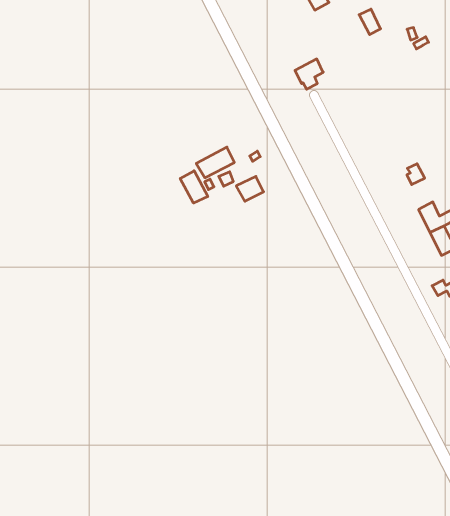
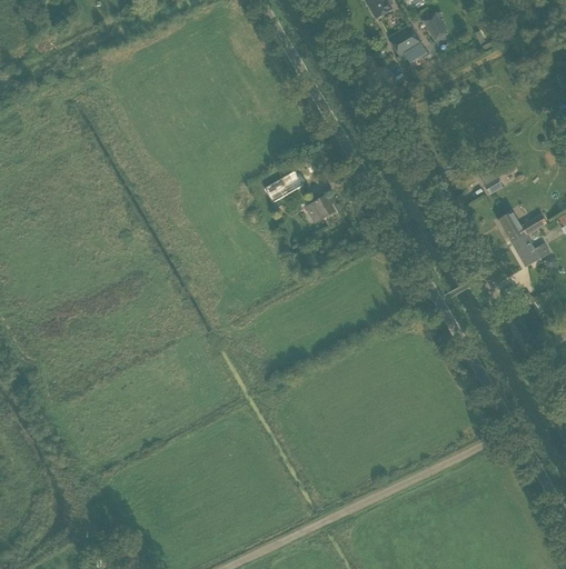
building: [295,59,323,89] -> [391,29,421,61]
building: [180,171,208,203] -> none

